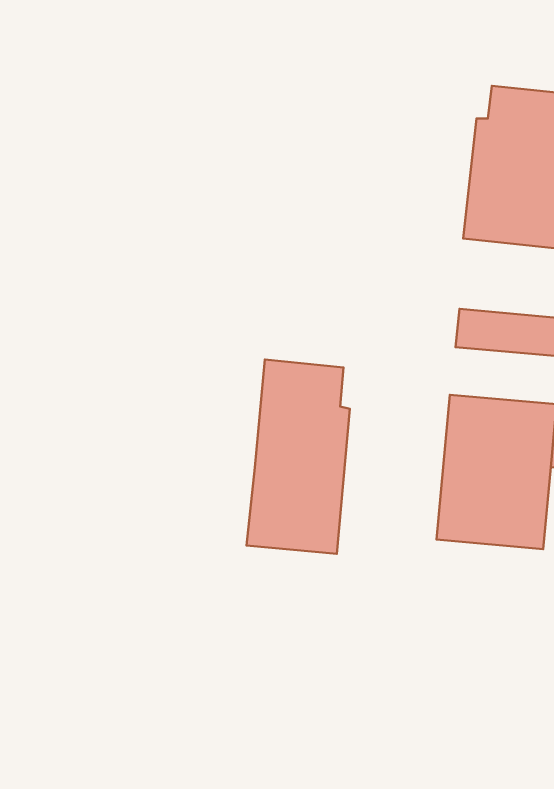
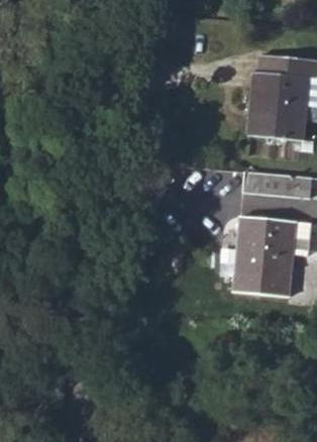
building: [247,360,350,554] -> none

